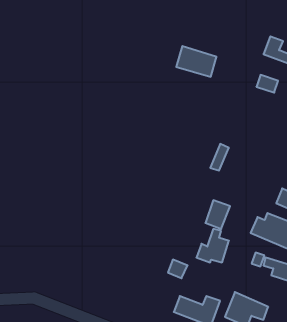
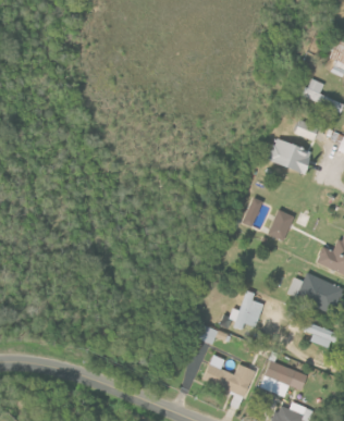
building: [176,46,217,77] -> [267,138,311,172]
building: [205,200,230,229] -> [268,209,295,240]

